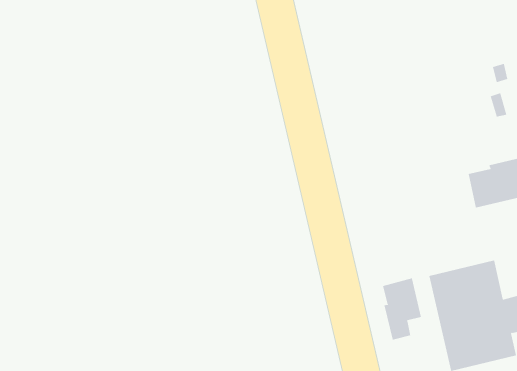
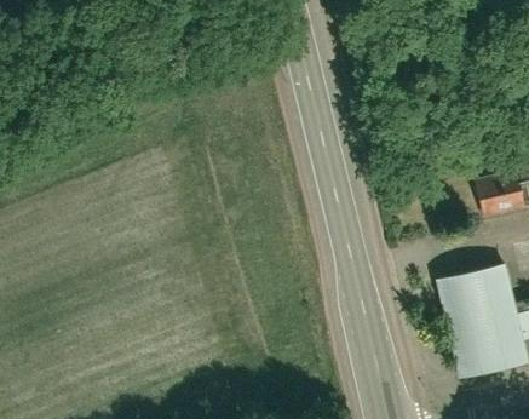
building: [382,278,422,340] -> none

